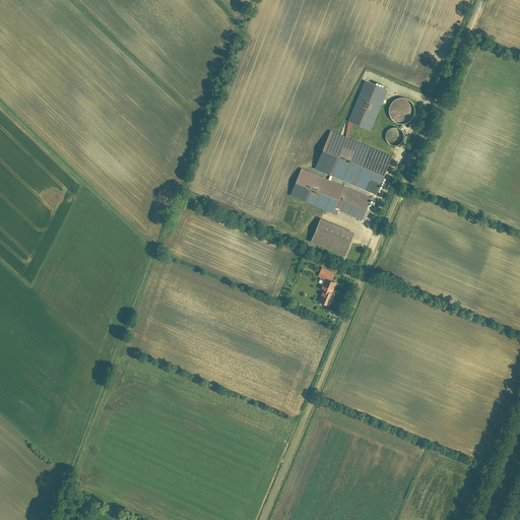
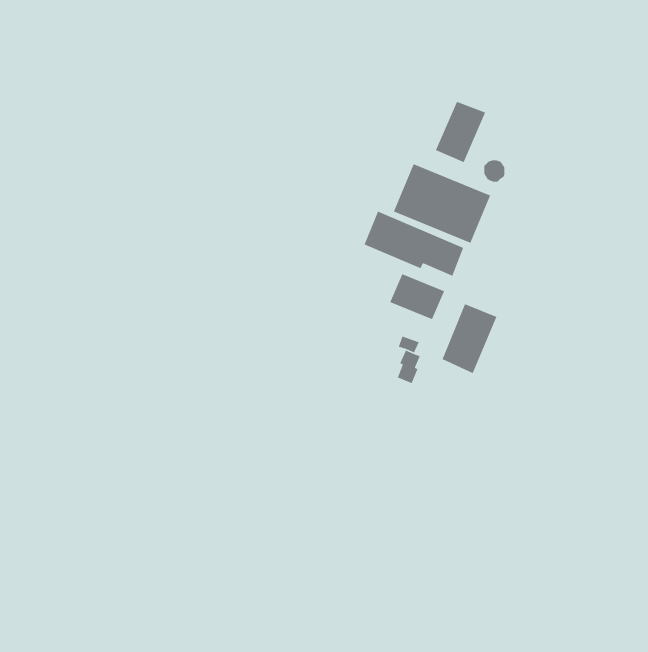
building: [388,96,414,123] -> none
building: none -> [441,303,497,374]

